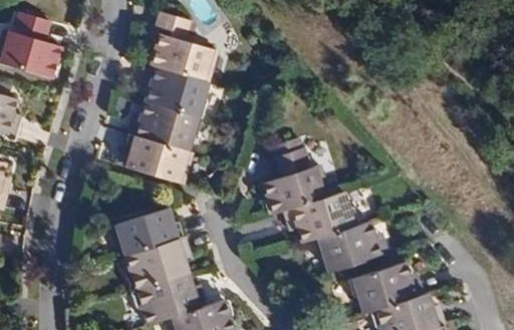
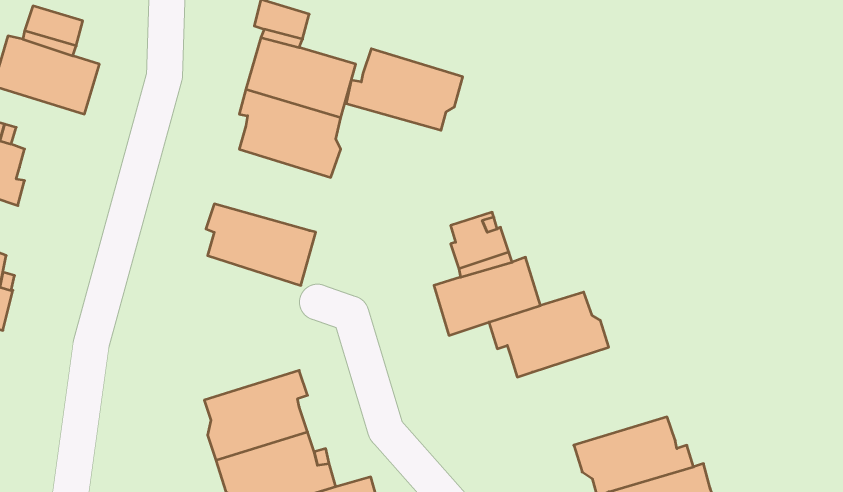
building: [131,102,201,151] -> [346,49,463,130]
building: [112,210,182,255] -> none
building: [322,220,392,273] -> none

